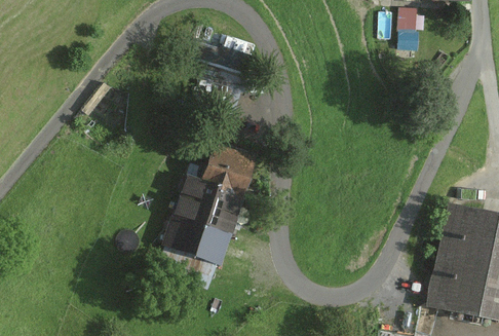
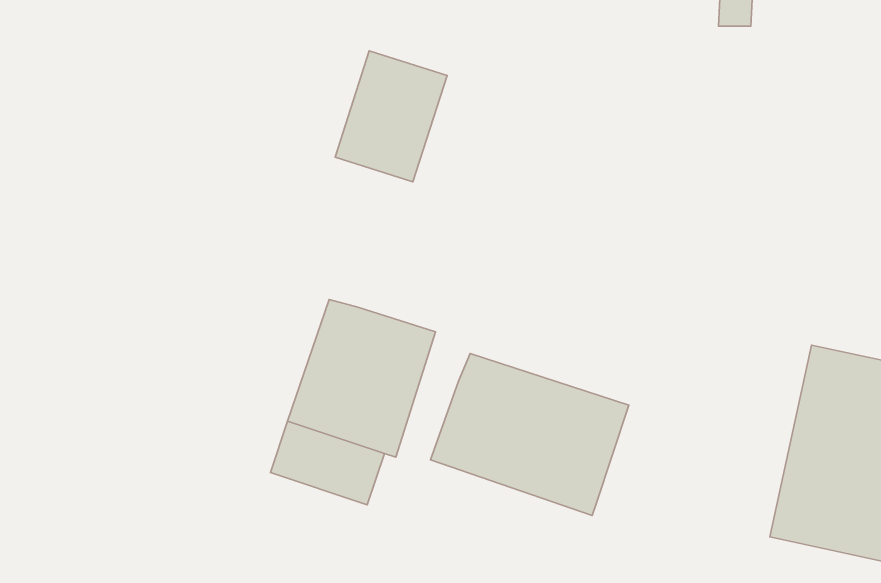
building: [203,142,258,194] -> none
building: none -> [431,354,629,516]

